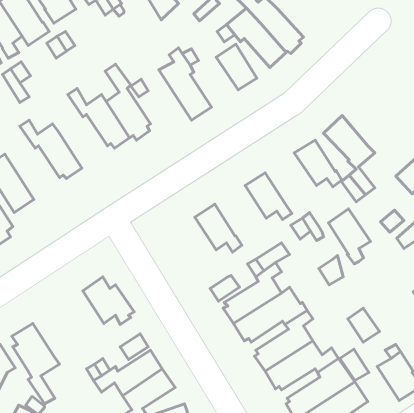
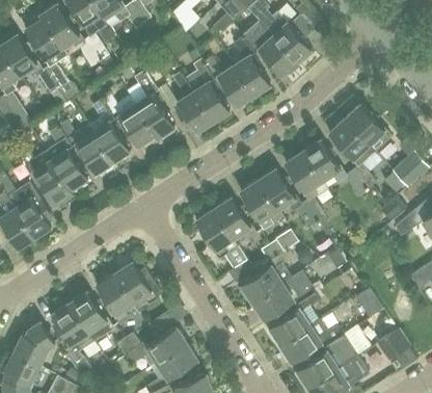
building: none -> [218,67,253,106]
building: none -> [174,75,212,132]
building: none -> [93,100,131,165]
building: none -> [346,104,392,152]
building: none -> [46,128,88,193]
building: none -> [241,181,278,230]
building: [329,209,371,264] -> [286,152,323,201]
building: none -> [196,209,238,259]
building: none -> [97,274,134,323]
building: none -> [71,292,113,340]

